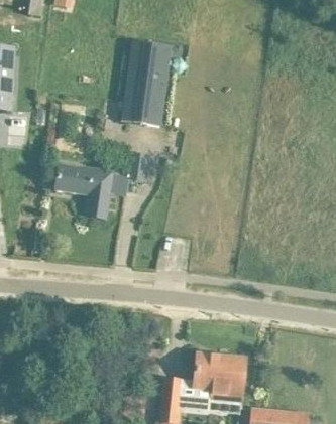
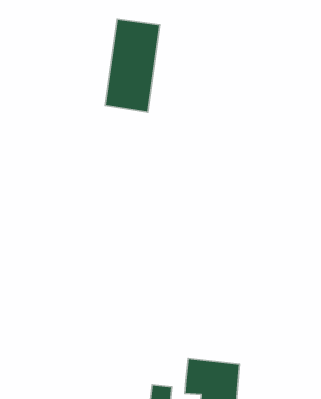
building: [55,150,149,218] -> none

